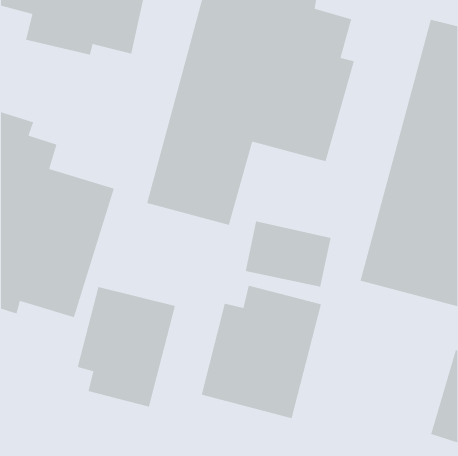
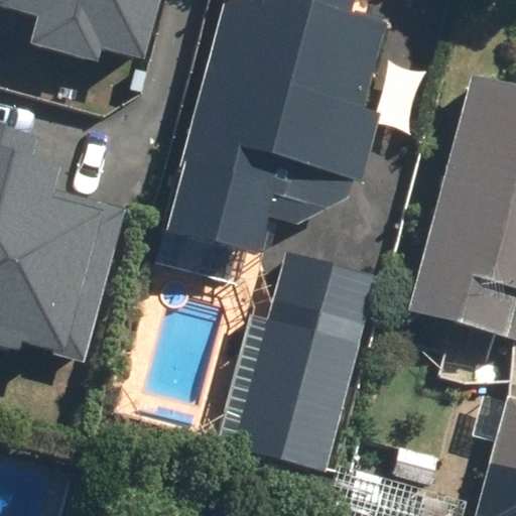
building: [77,286,176,407] -> none

